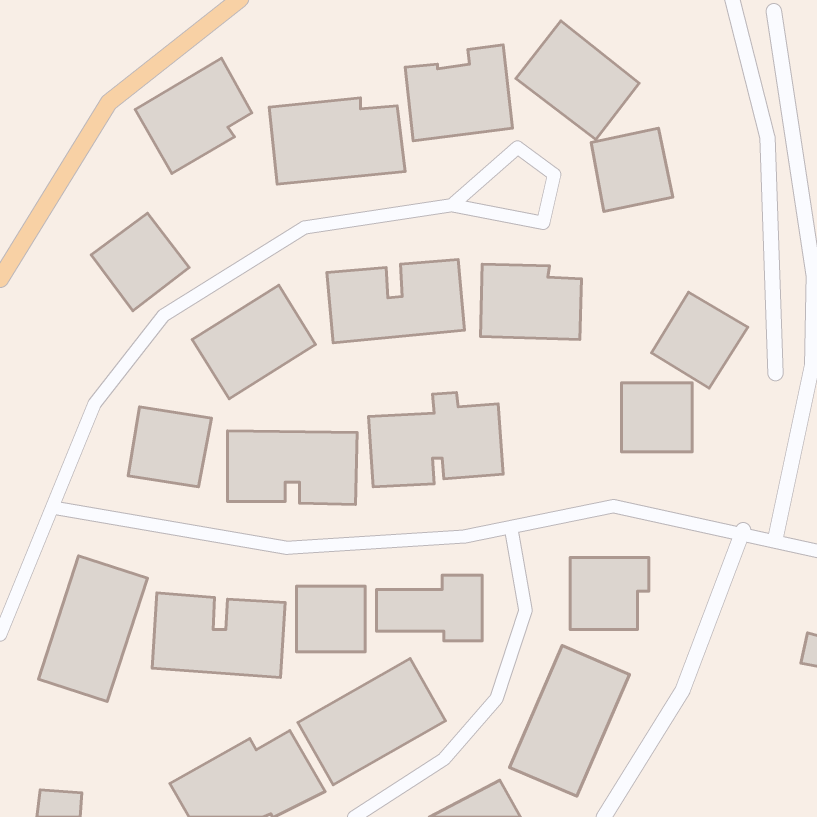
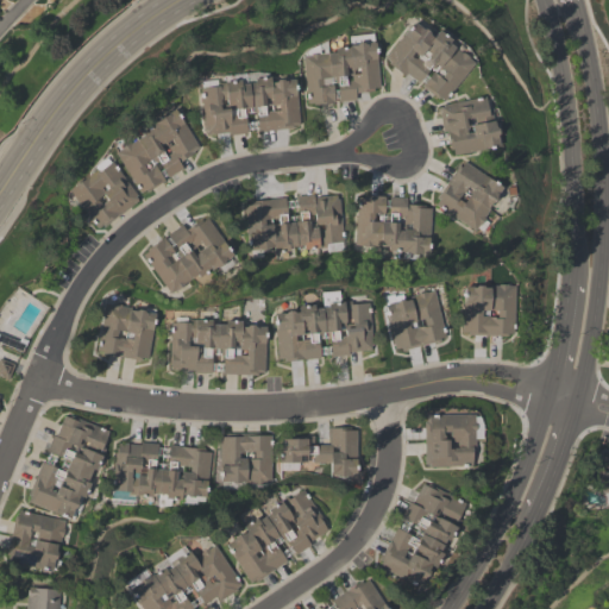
building: [135,58,252,174] -> [114,109,201,195]
building: [652,292,748,388] -> [435,159,507,231]
building: none -> [384,288,447,351]
building: none -> [7,510,68,572]

